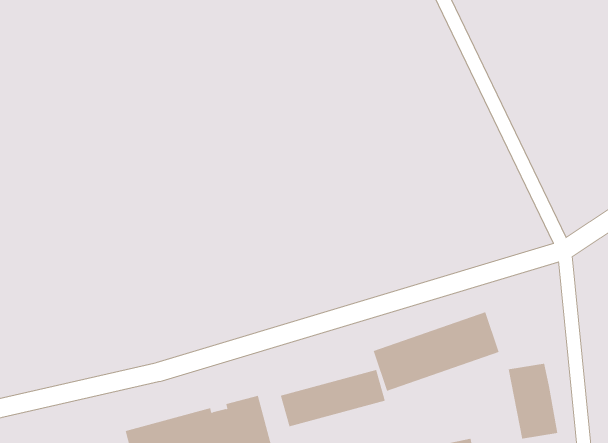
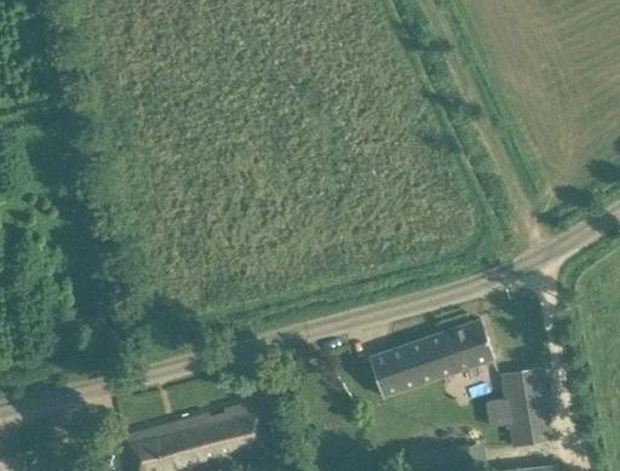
building: [280,369,386,427] -> none

